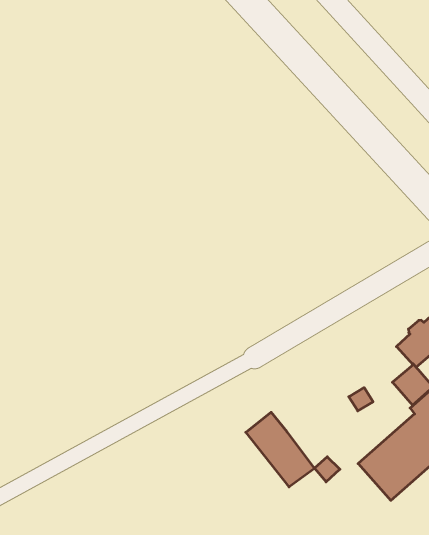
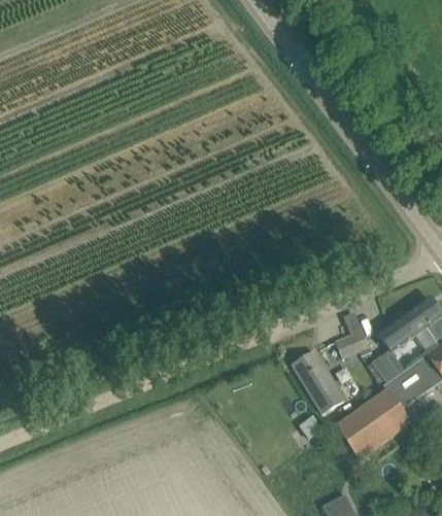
building: none -> [335,330,371,357]
building: [246,412,315,487] -> [292,350,345,413]

